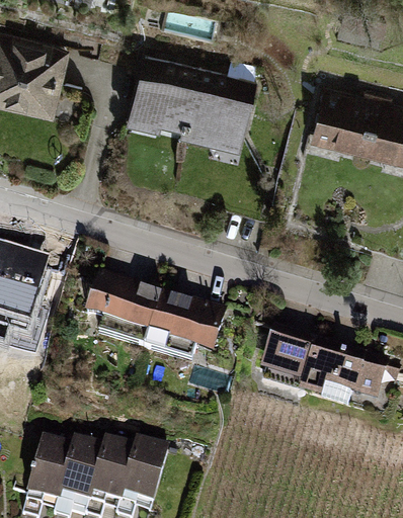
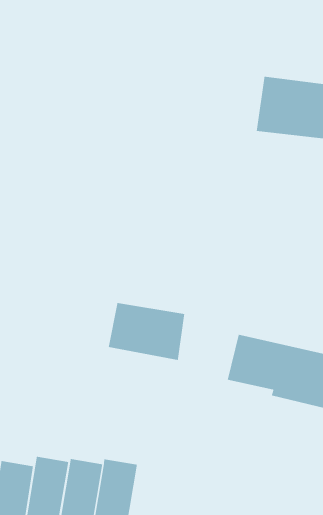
building: [126,65,256,154] -> none
building: [90,274,164,334] -> none

